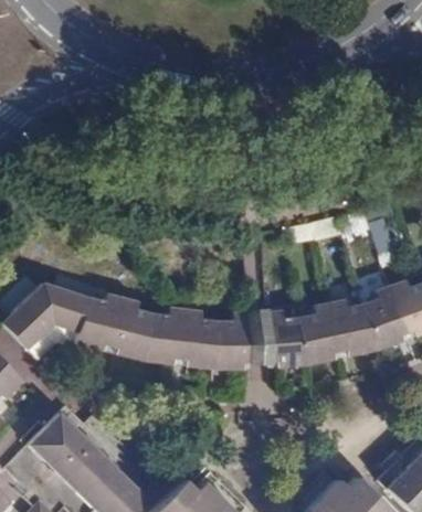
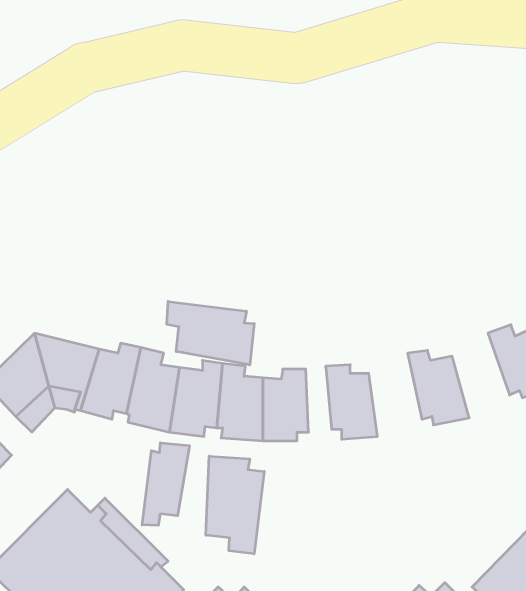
building: none -> [167,301,254,365]
building: [363,286,408,351] -> none
building: [299,301,340,365] -> none
building: none -> [142,443,189,525]
building: none -> [206,456,264,554]

